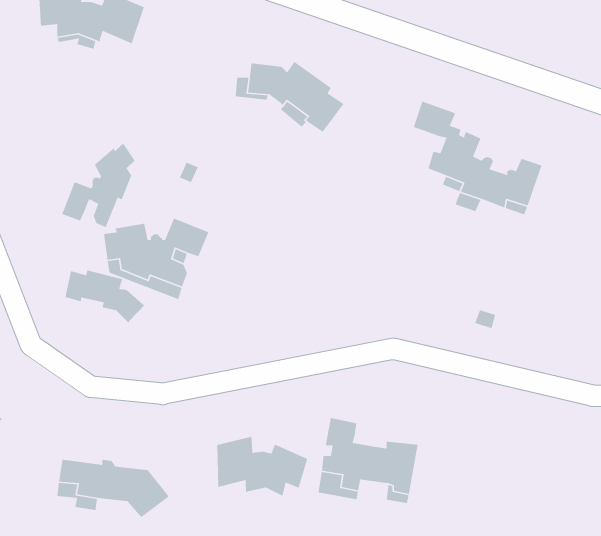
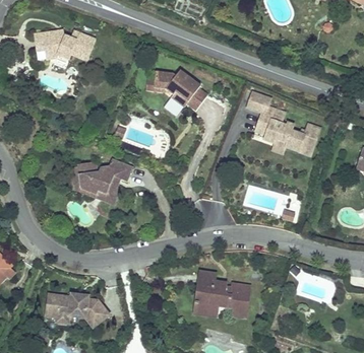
building: [61,142,136,228] -> none
building: [65,270,145,323] -> none
building: [216,436,308,497] -> none

